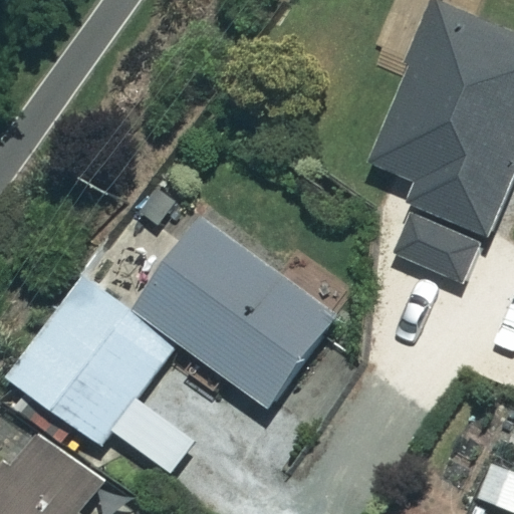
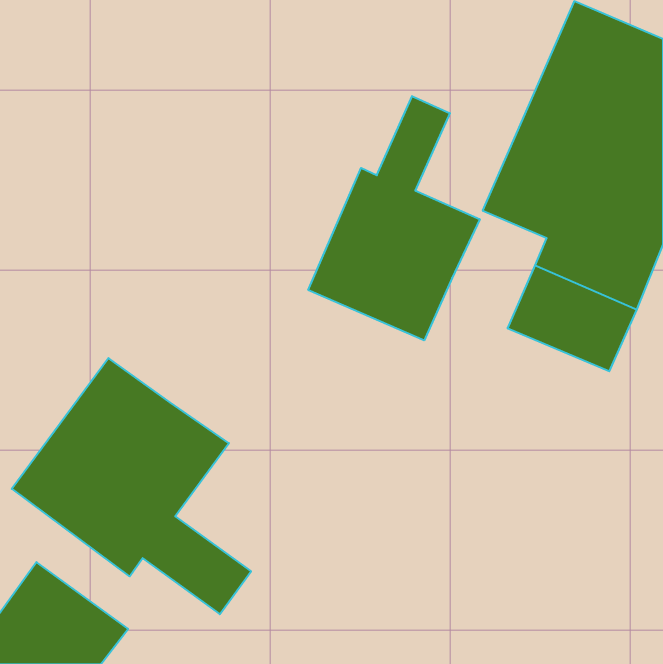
building: none -> [308,96,480,340]
building: [131,216,333,406] -> none

